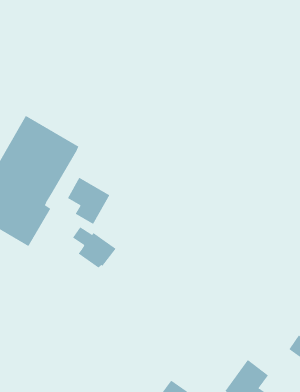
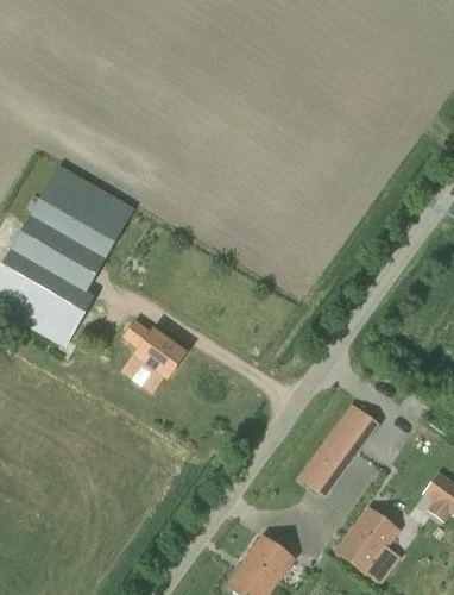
building: [67,177,110,225] -> none
building: none -> [307,415,366,484]

